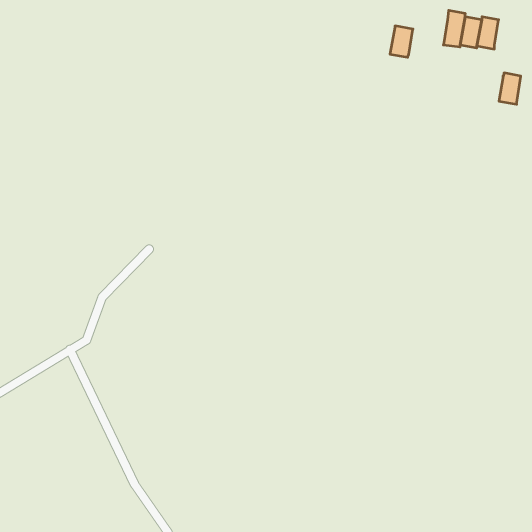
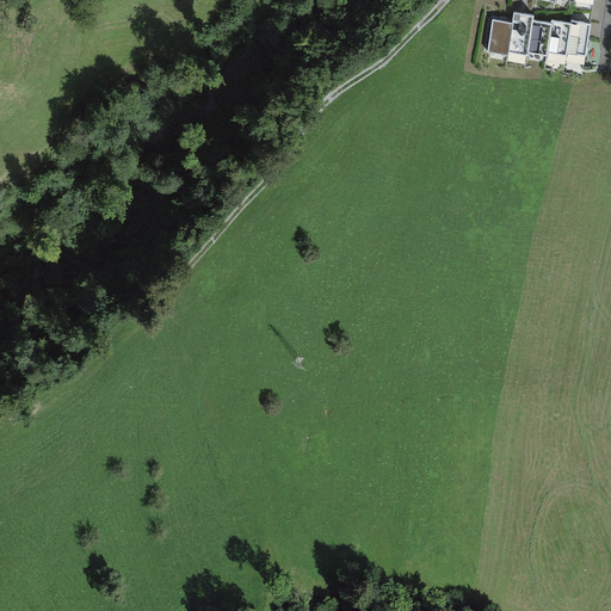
building: [390,26,413,57] -> [486,19,512,55]
building: [499,73,521,104] -> [566,19,591,55]

